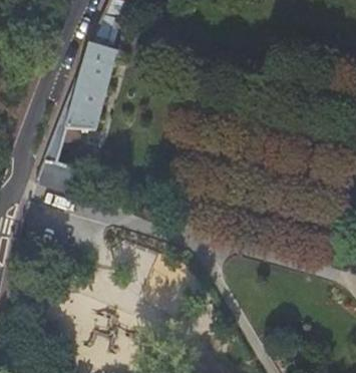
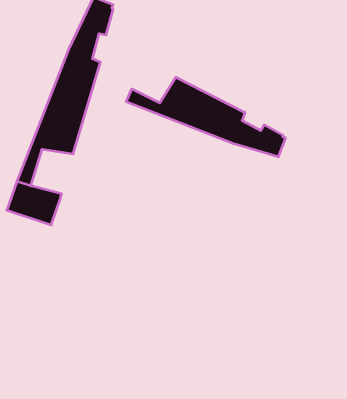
building: none -> [126,77,285,157]

